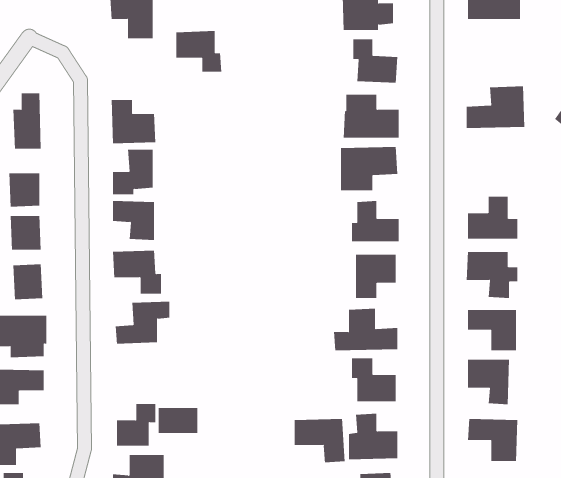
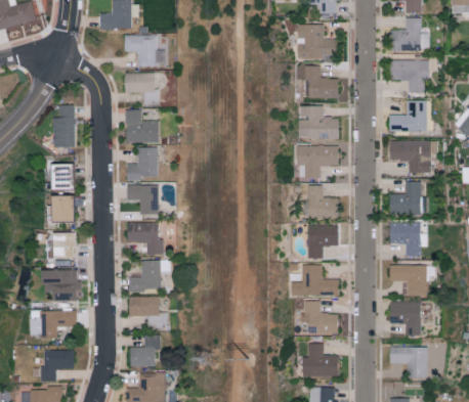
building: [175,31,222,72] -> [125,73,160,103]
building: none -> [391,60,430,93]
building: none -> [390,140,438,173]
building: [158,407,198,434] -> [129,297,159,316]
building: [294,418,345,463] -> none

